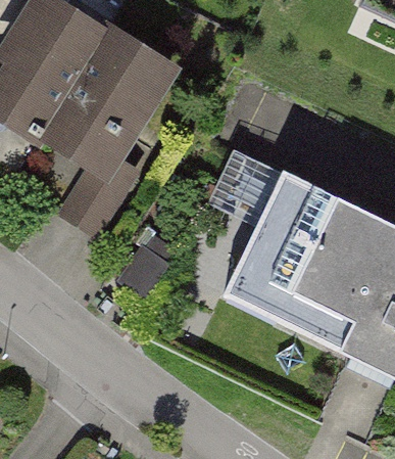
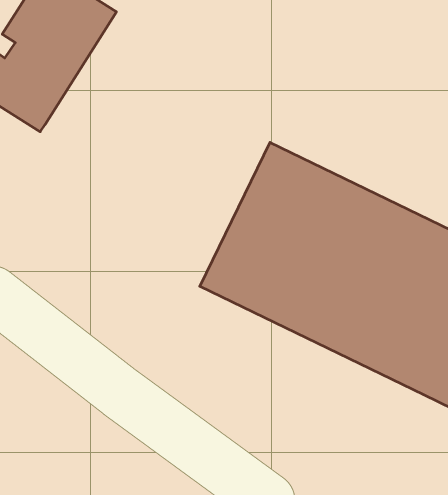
building: [47,31,172,234] -> none

